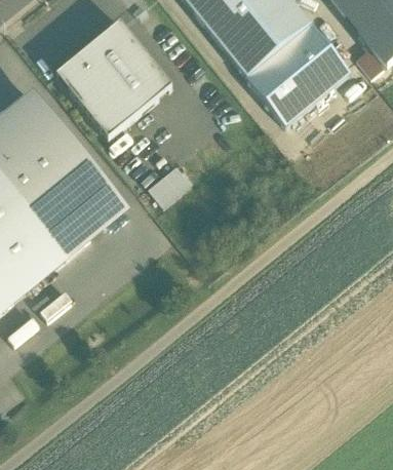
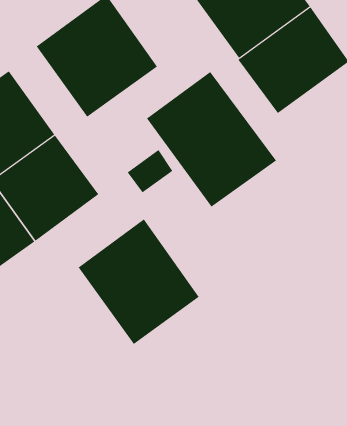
building: none -> [146,71,277,207]
building: none -> [78,219,200,345]

